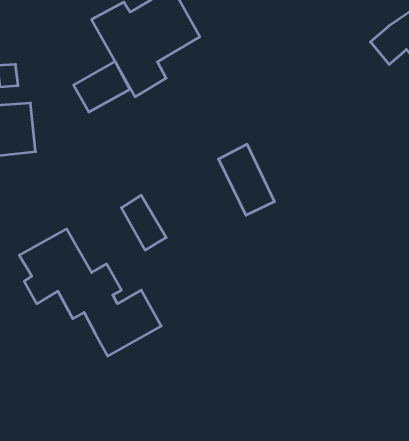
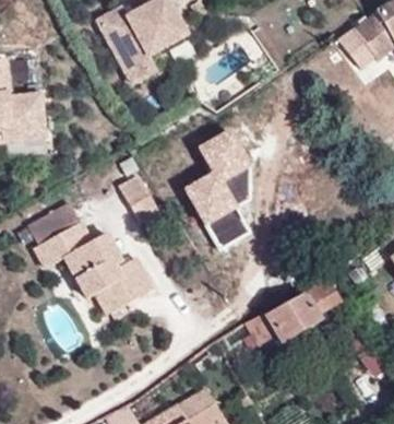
building: [74,62,130,112] -> none
building: none -> [191,170,249,246]
building: none -> [244,275,341,344]

